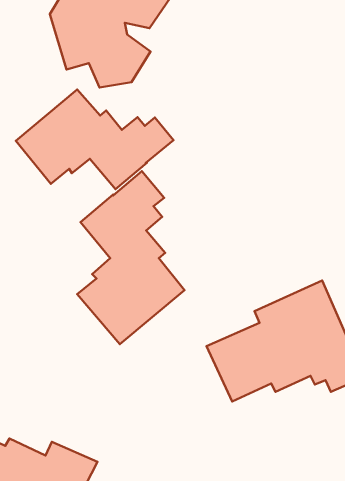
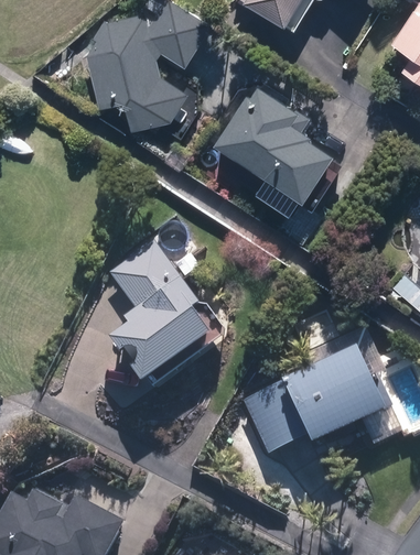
building: none -> [204,70,349,215]
building: [16,89,174,189] -> none

